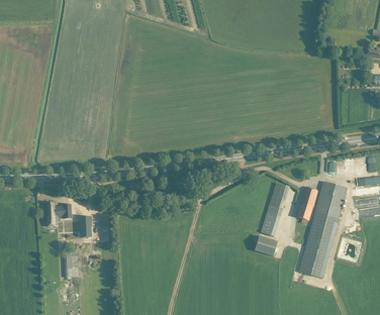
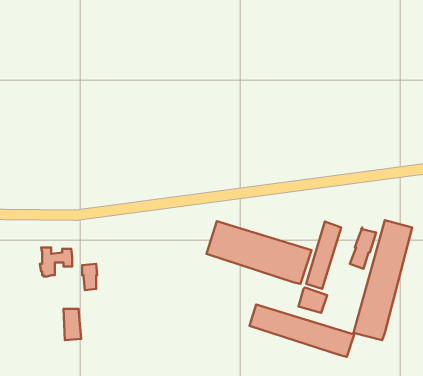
building: none -> [207,221,311,284]
building: none -> [250,304,354,357]

